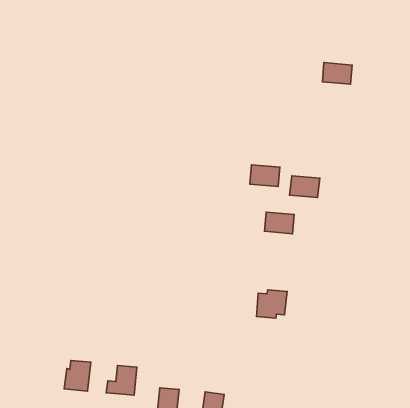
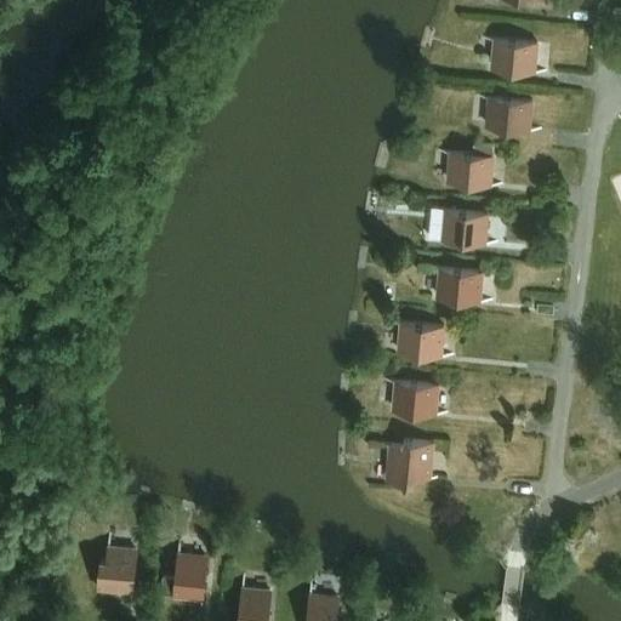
building: none -> [492,40,537,74]
building: none -> [448,154,492,186]
building: [250,165,280,186] -> [443,211,488,244]
building: none -> [393,382,438,415]

